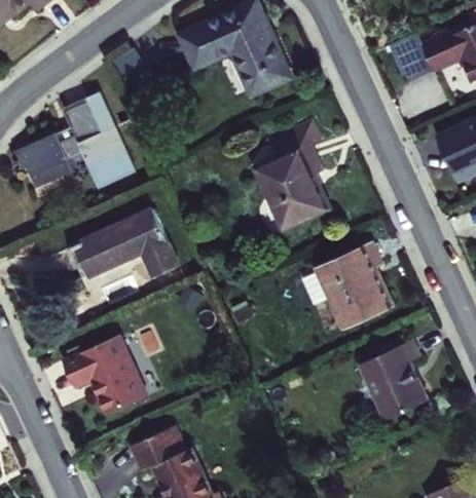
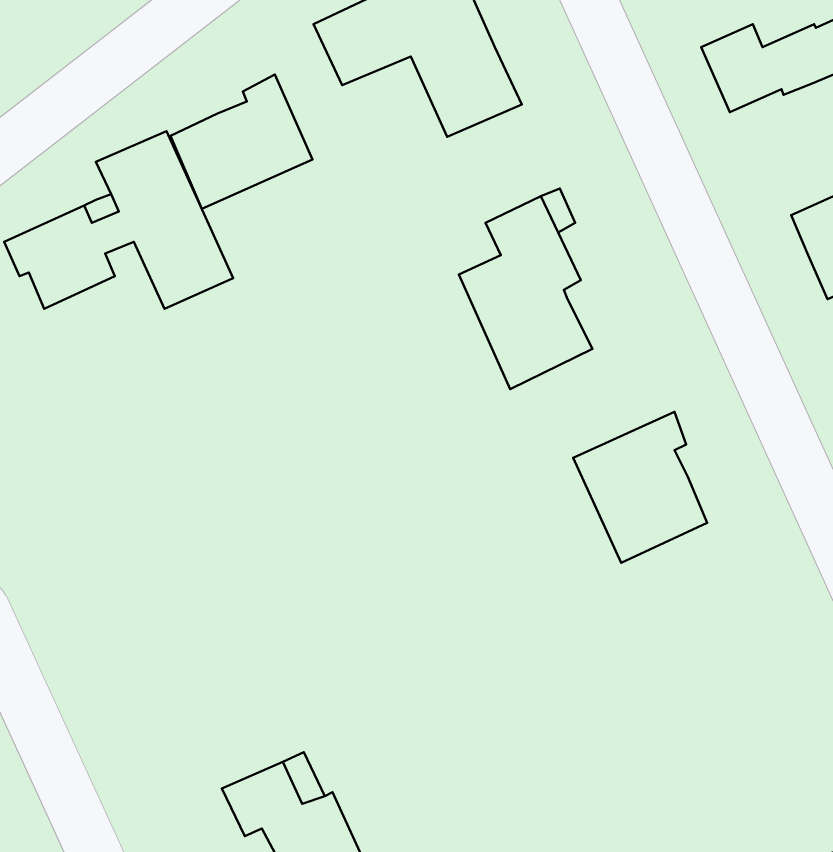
building: none -> [171,75,313,209]
building: [73,209,179,277] -> none
building: [63,336,146,414] -> none
building: [360,341,426,419] -> none

